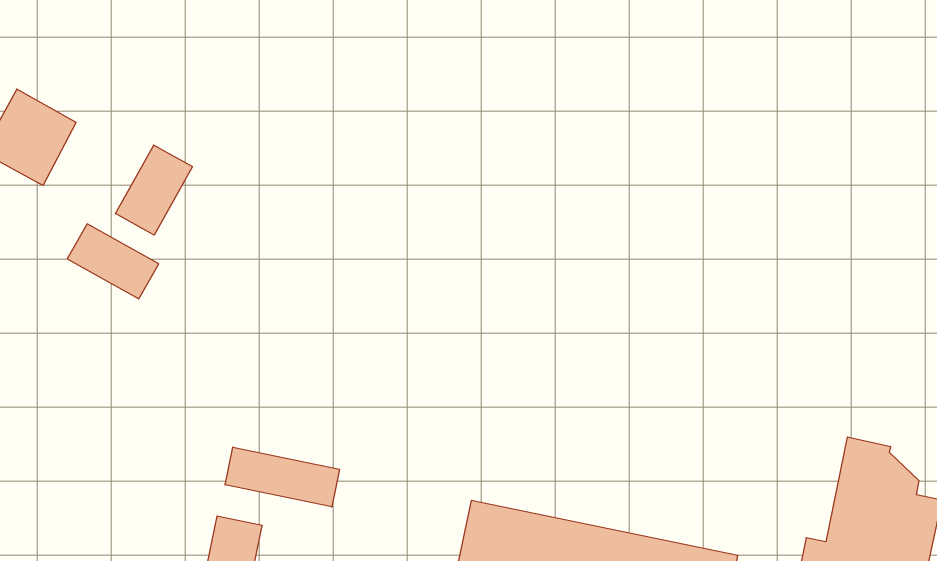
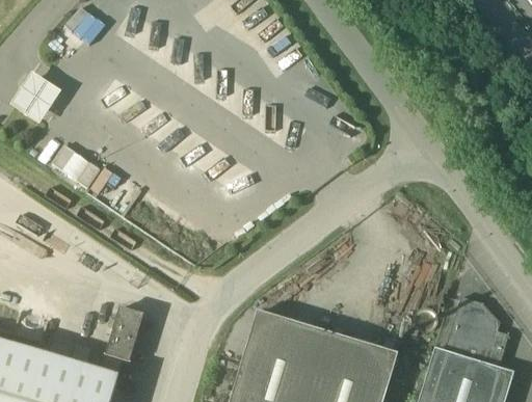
building: [115,145,192,235] -> none
building: [225,447,340,507] -> none

